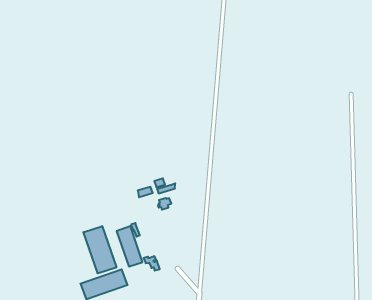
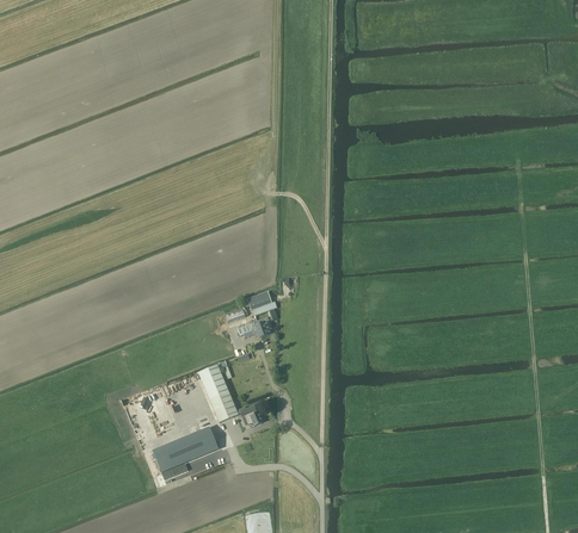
building: [83,226,116,273] -> none

